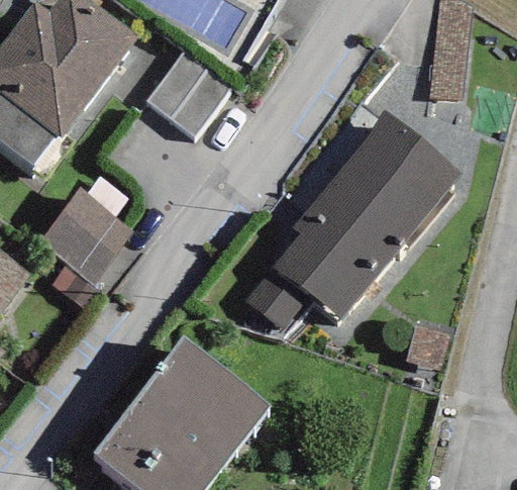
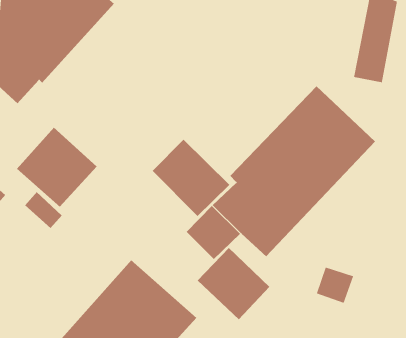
building: [145,48,236,139] -> none
building: none -> [152,139,230,217]
building: none -> [197,247,270,320]

